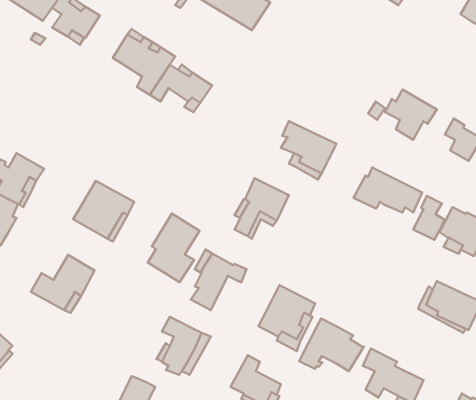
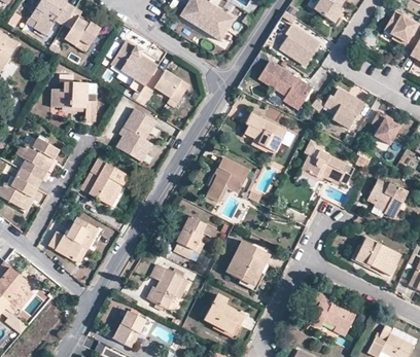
building: none -> [278,24,319,65]
building: none -> [256,59,312,109]
building: none -> [51,82,97,120]
building: [413,196,445,240] -> none
building: [148,214,199,282] -> [118,109,159,163]
building: [299,319,364,371] -> none

